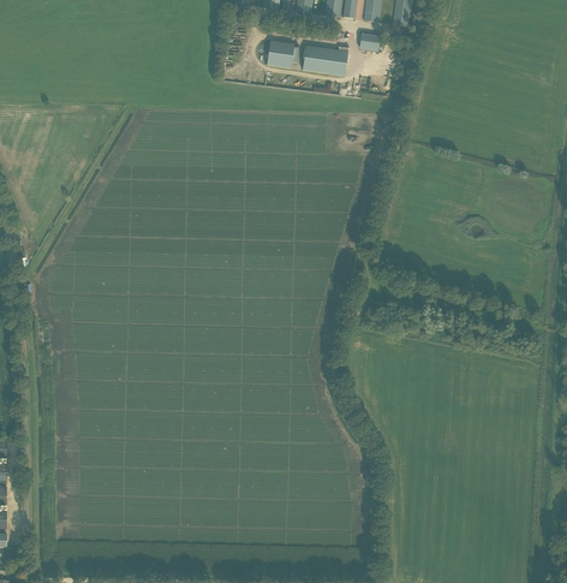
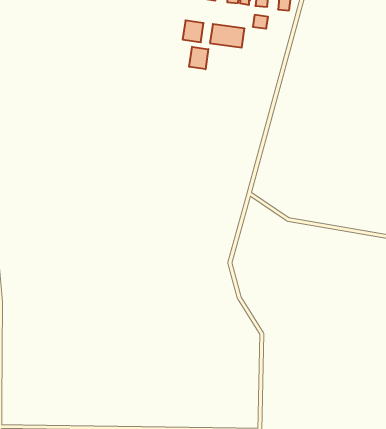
building: none -> [189,47,208,69]

